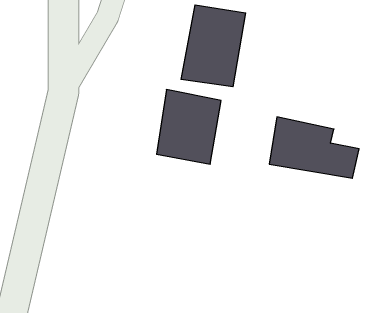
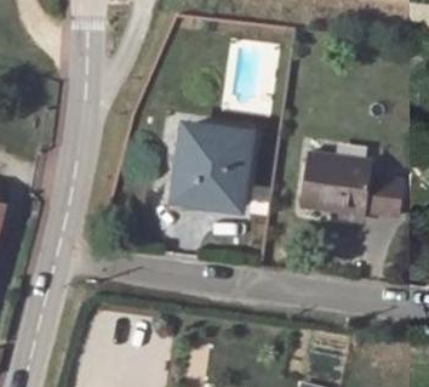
building: [181,5,246,87] -> none

